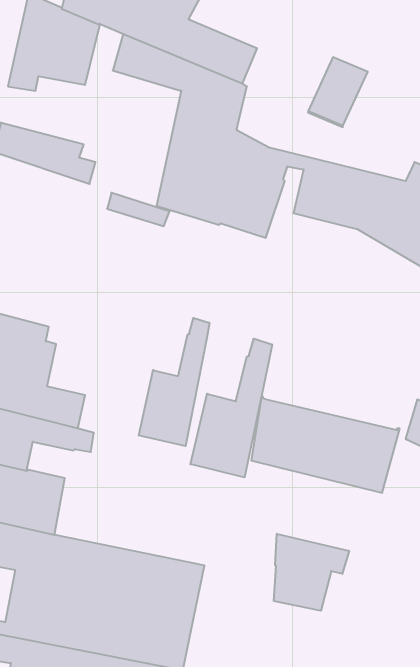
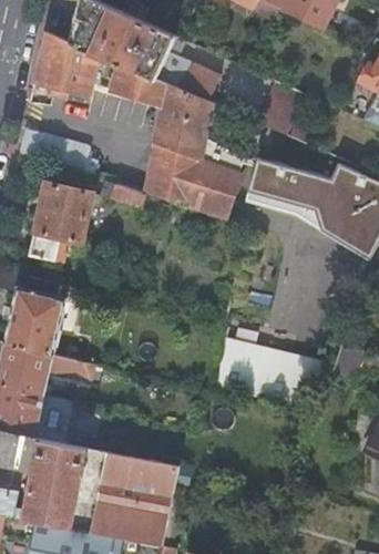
building: none -> [29,183,92,261]
building: [139,318,209,446] -> none
building: [190,339,272,477] -> none
building: [274,534,349,611] -> none

